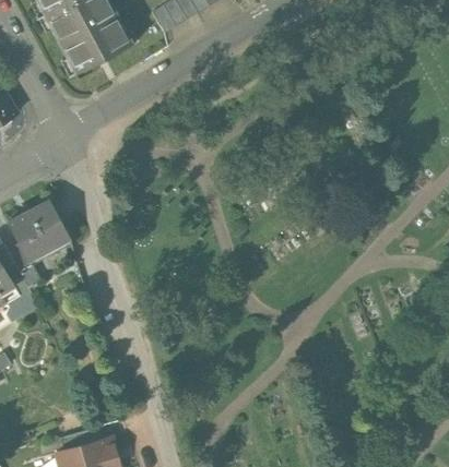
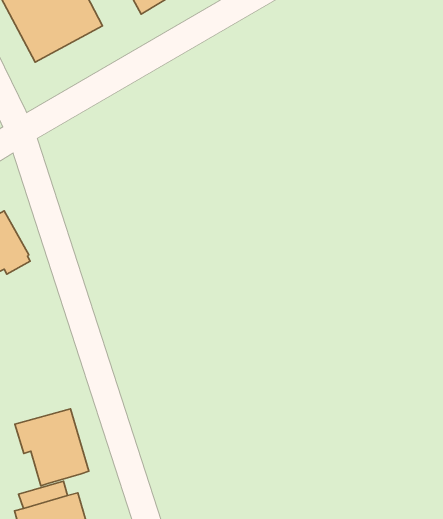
building: none -> [15,409,89,486]

